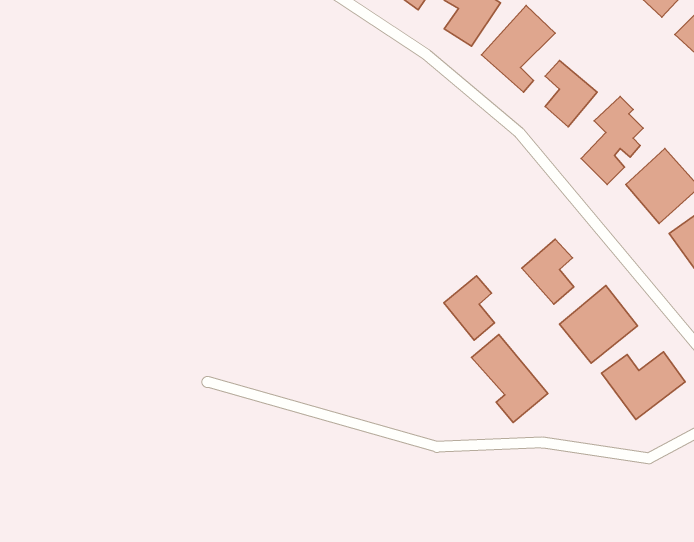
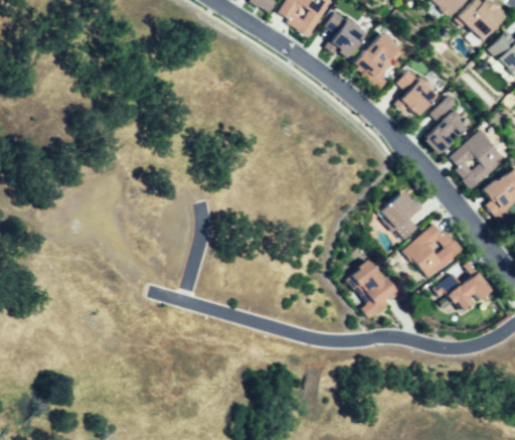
building: [444,276,494,340] -> none

